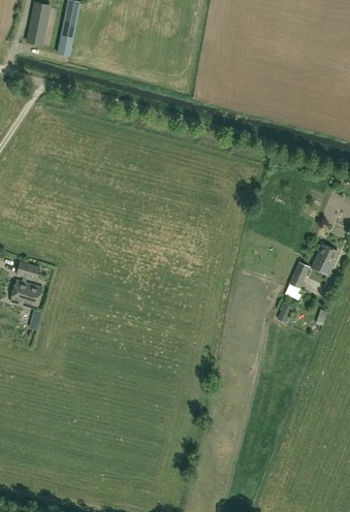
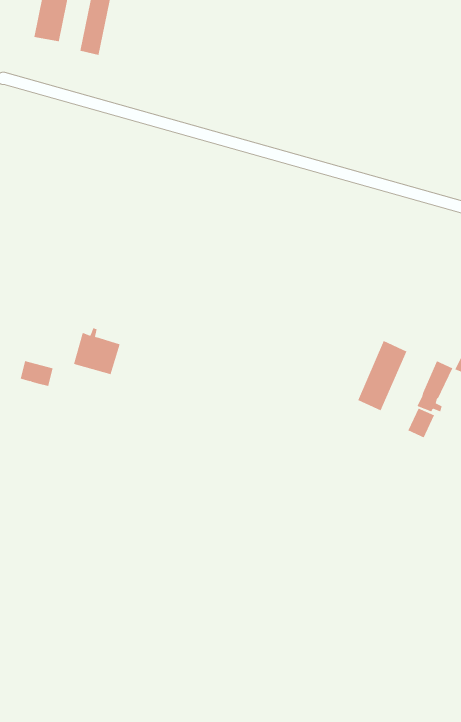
building: none -> [357,340,407,411]
building: [10,277,42,309] -> [73,327,120,375]

